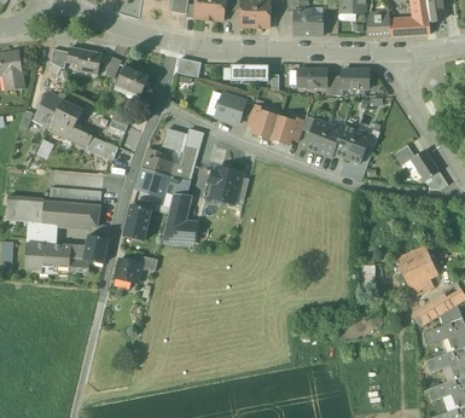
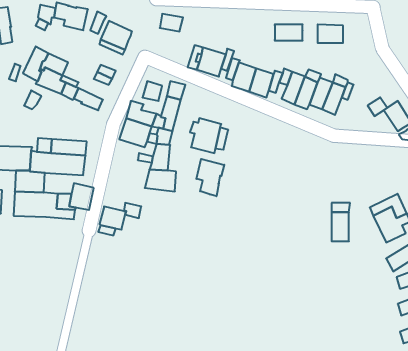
building: [231,64,268,81] -> none
building: [124,204,151,240] -> none
building: none -> [196,159,224,196]

